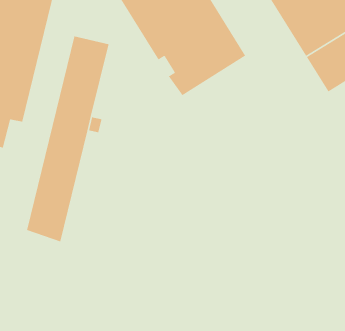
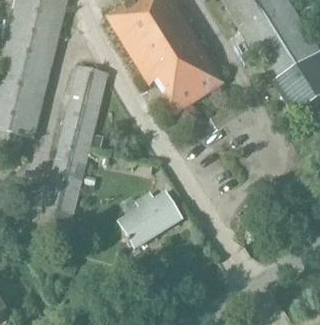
building: none -> [117,189,182,246]

